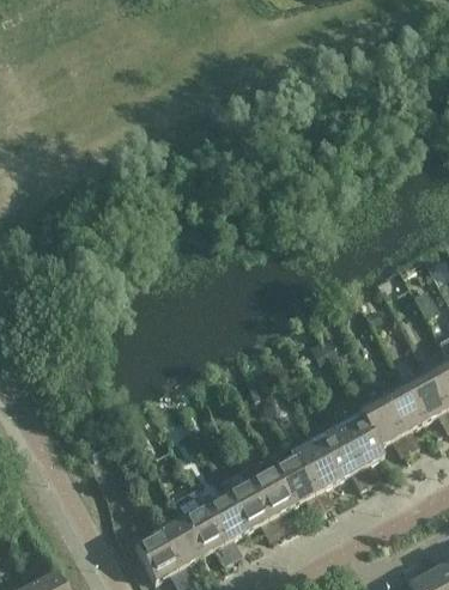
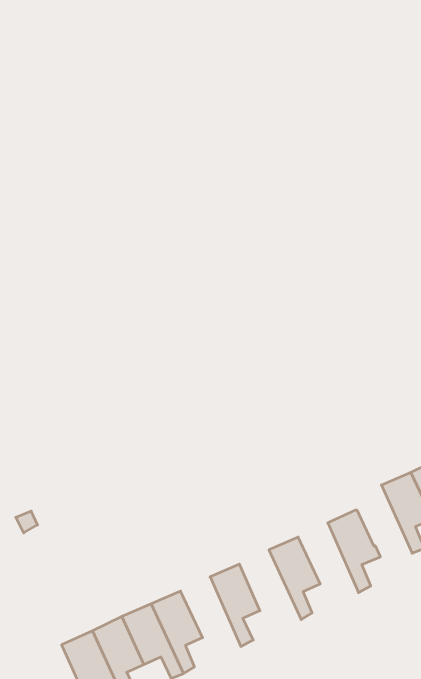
building: [356,396,408,455] -> none
building: [316,430,368,488] -> none
building: [271,455,323,513] -> none
building: [225,480,277,539] -> none

